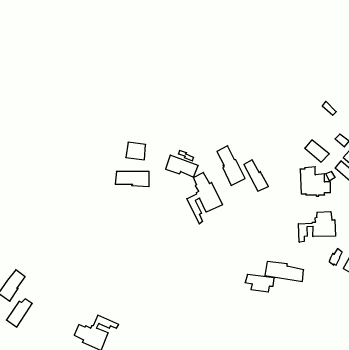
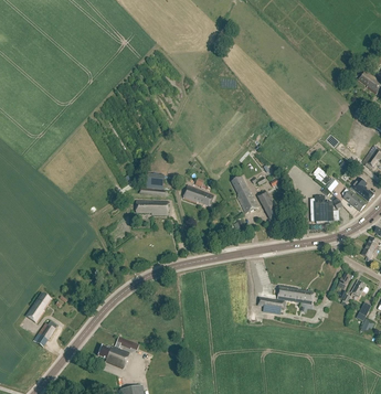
building: [187,172,223,224] -> none
building: [298,212,335,242] -> none

